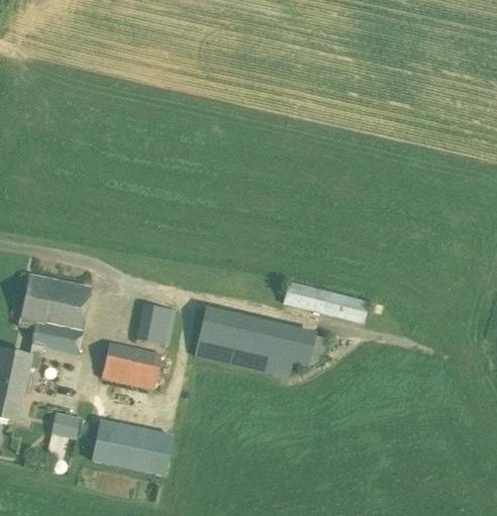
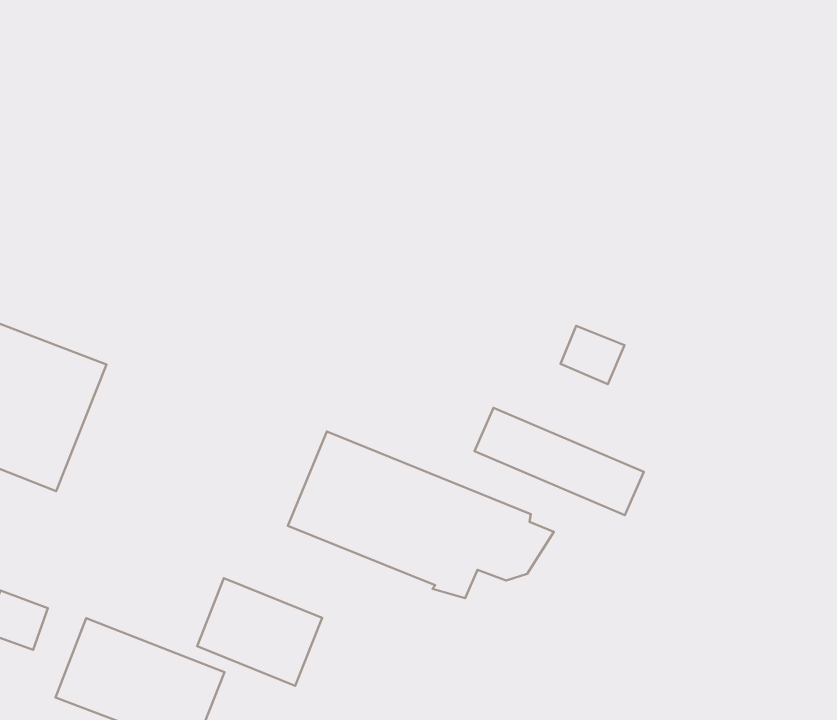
building: none -> [561,326,625,384]
building: [135,302,176,344] -> none
building: [101,340,162,389] -> [197,578,322,686]

